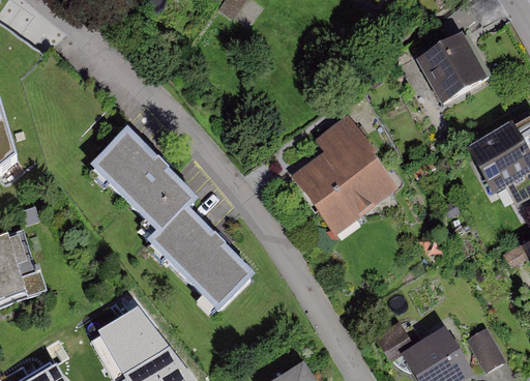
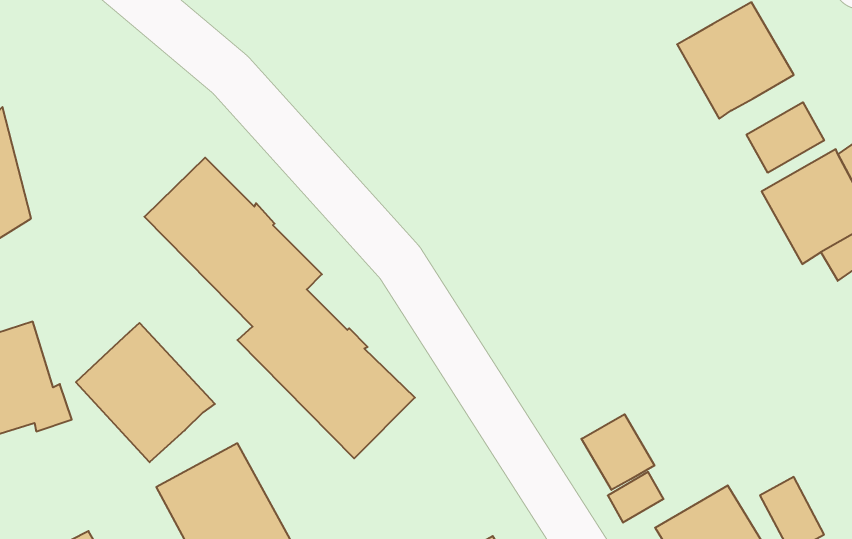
building: none -> [747,102,824,173]
building: [291,113,399,233] -> none
building: none -> [76,323,215,462]
building: none -> [581,414,654,490]

